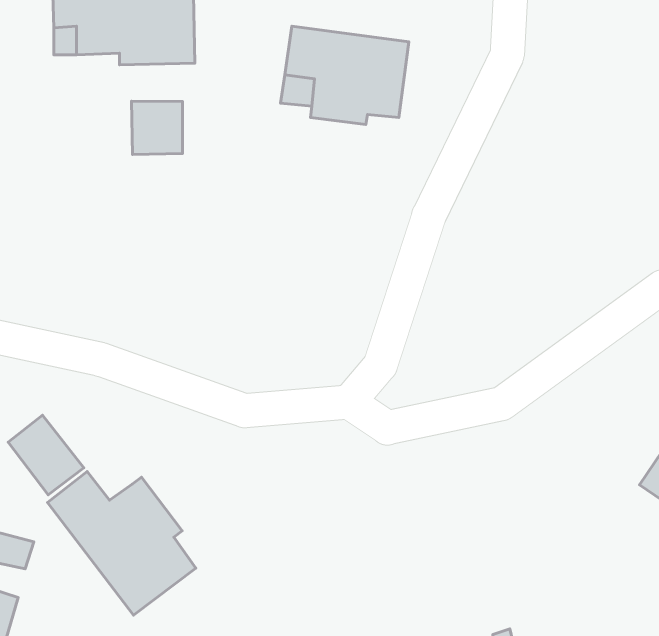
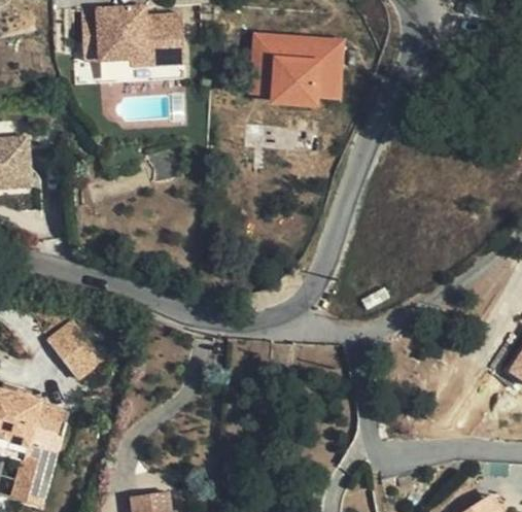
building: [132,101,183,154] -> none
building: [48,472,196,615] -> none

